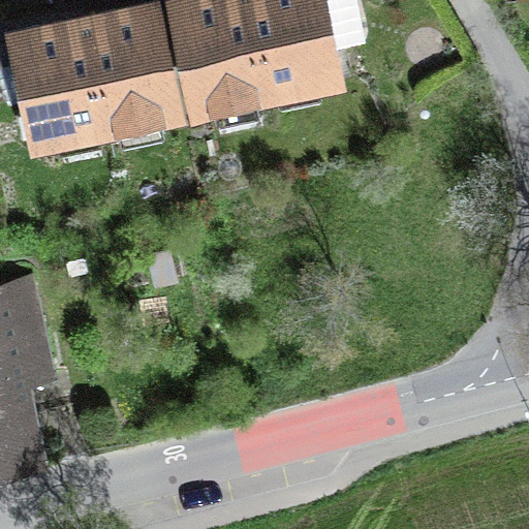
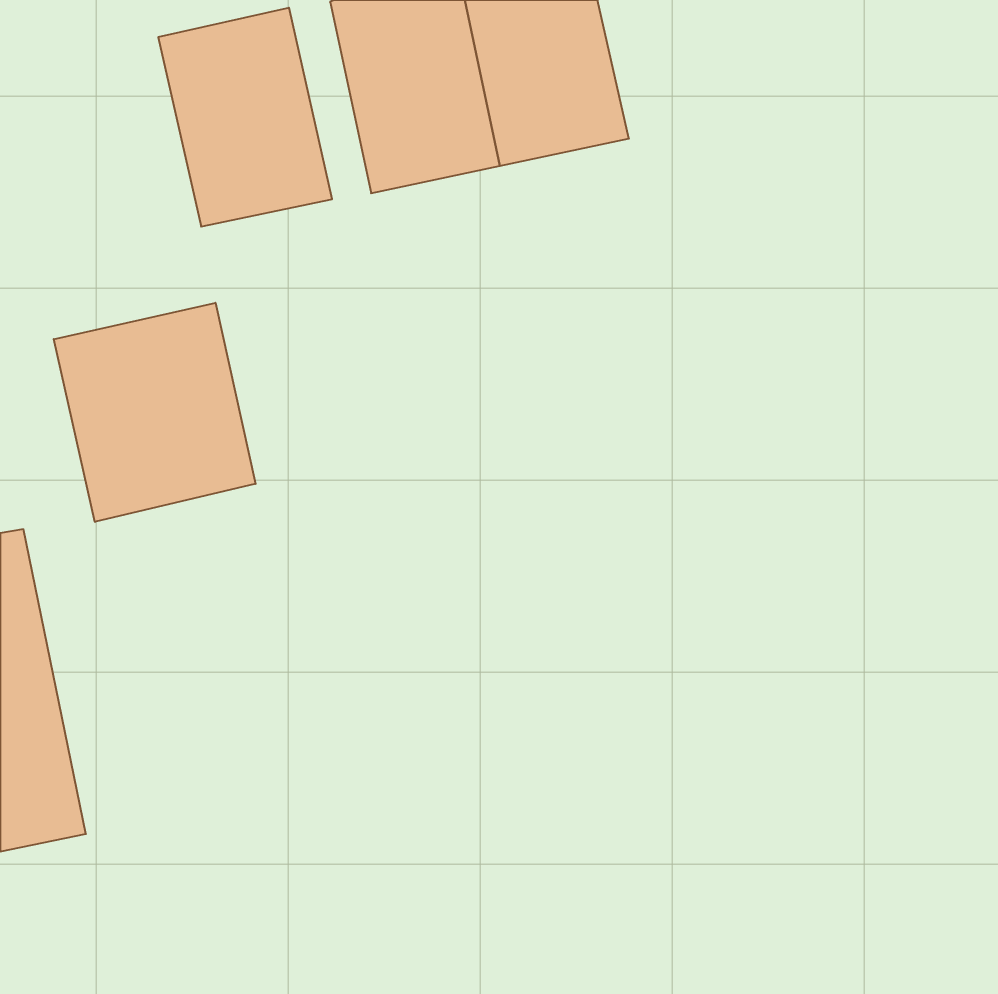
building: [14,22,106,137] -> none
building: none -> [54,303,256,522]

